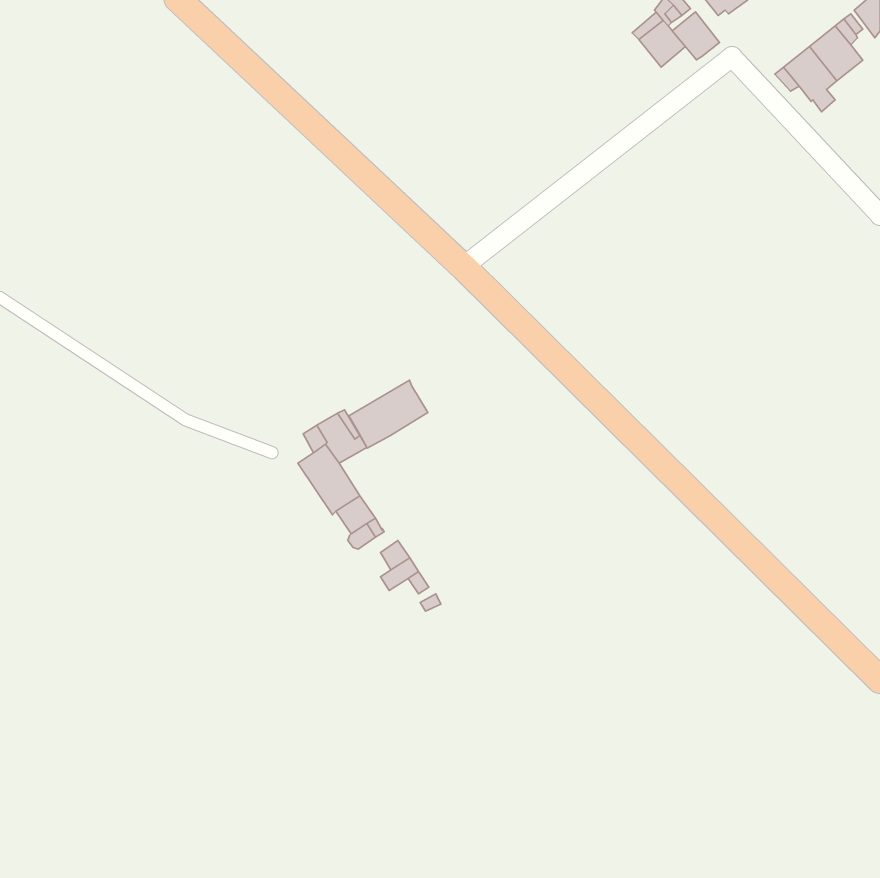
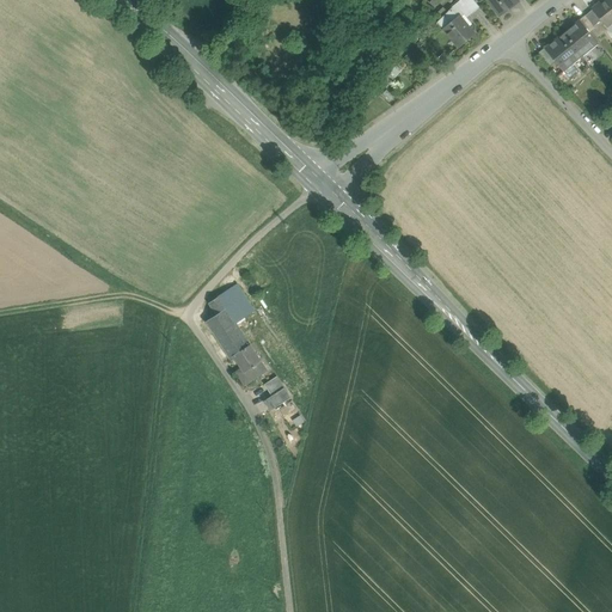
building: [672,12,720,60] -> none
building: [349,380,428,448] -> none

